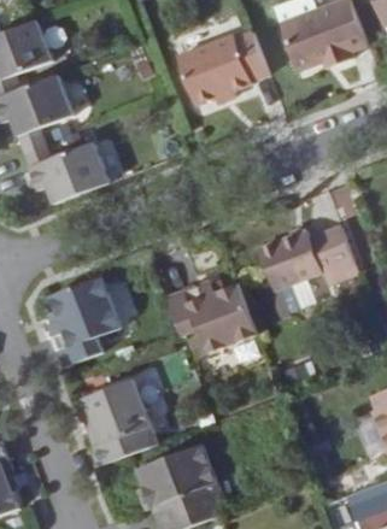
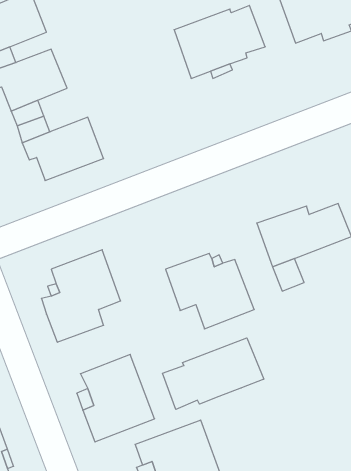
building: none -> [163,338,264,409]

